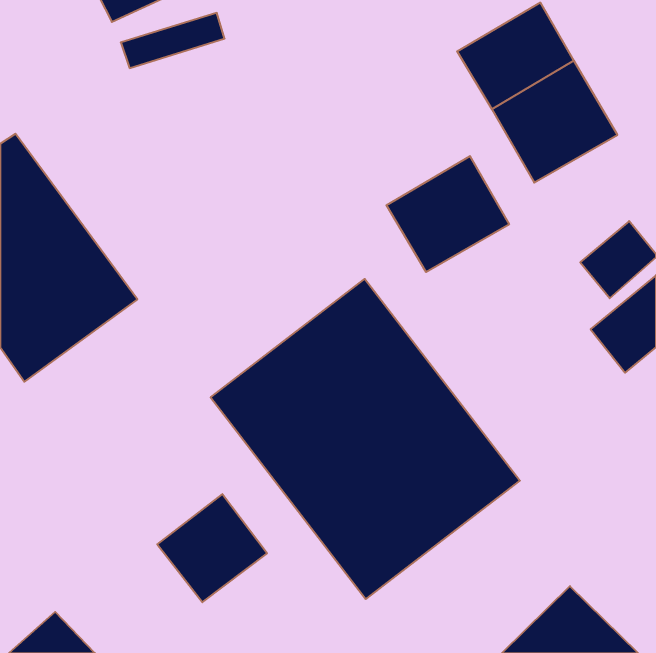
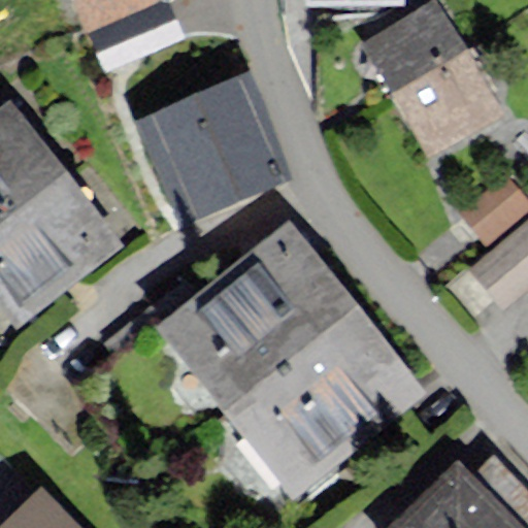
building: none -> [143,81,277,210]
building: [386,156,509,272] -> none
building: [157,494,267,602] -> none

